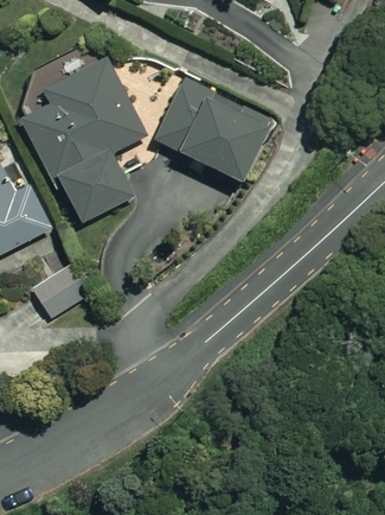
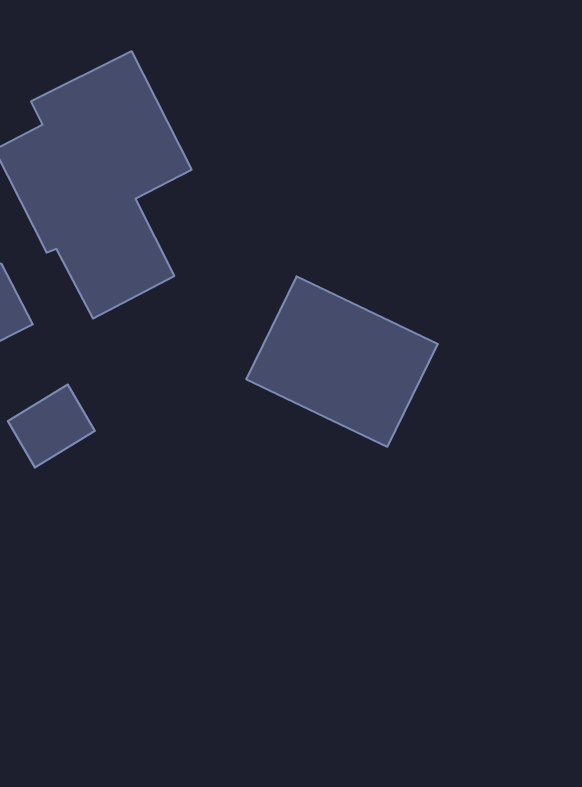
building: [154,77,271,182] -> [246,276,438,447]

